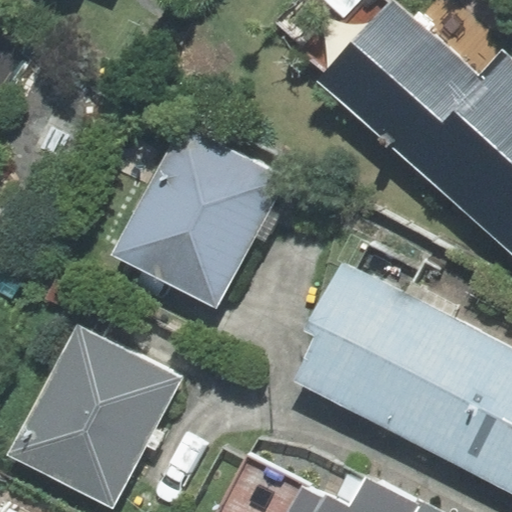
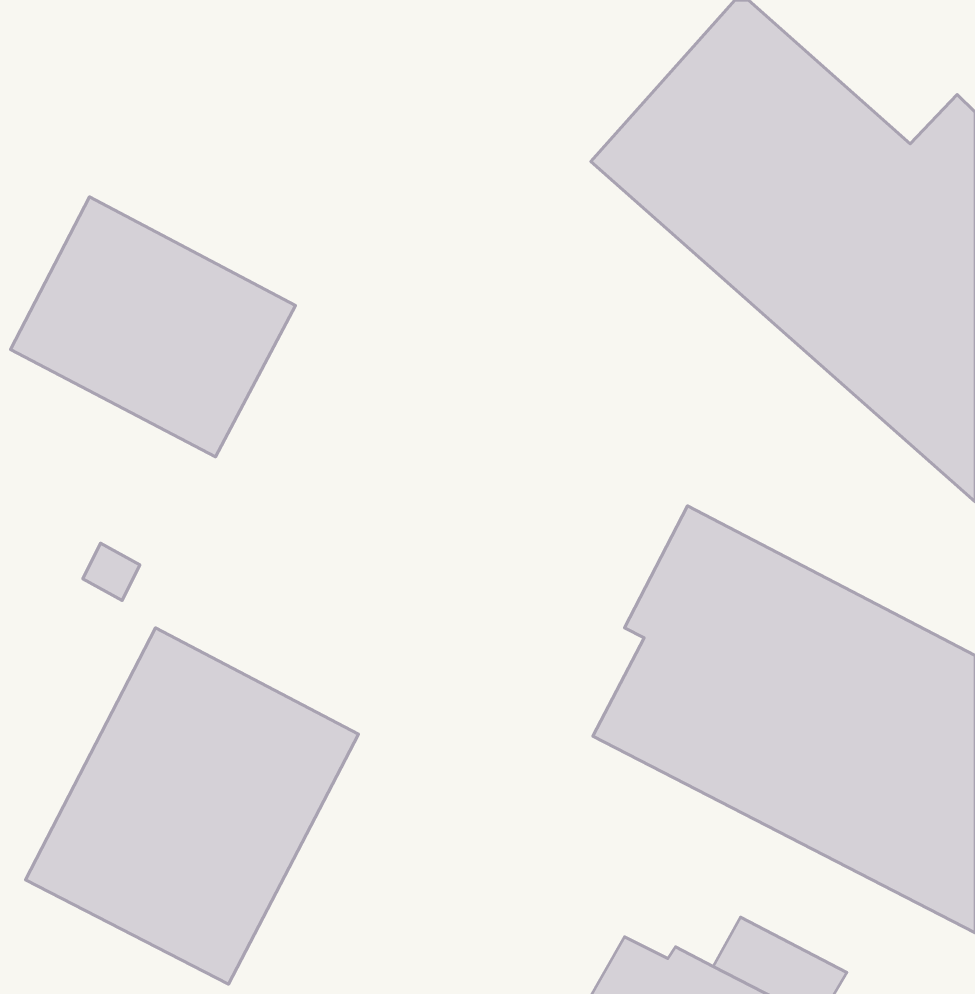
building: none -> [10,197,296,457]
building: [117,125,287,306] -> none

